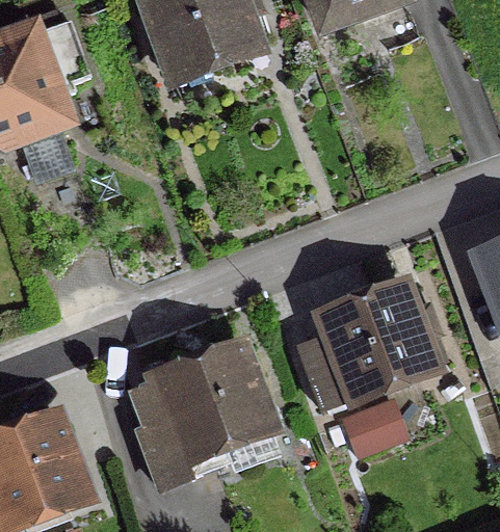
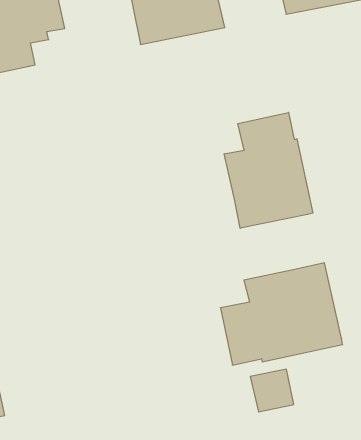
building: none -> [224,112,313,228]
building: [130,348,268,488] -> none

